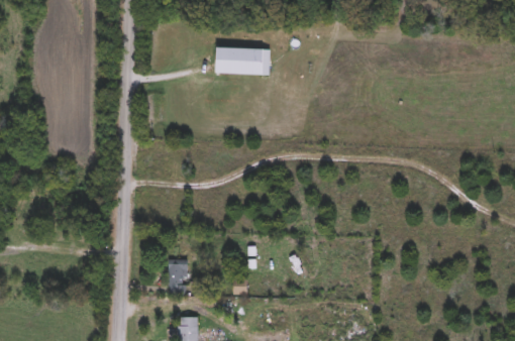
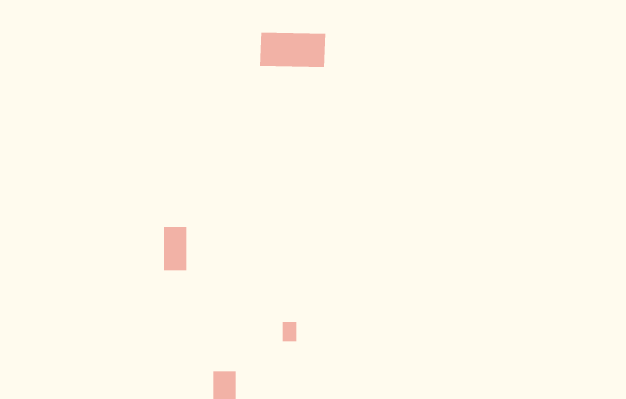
building: [169,260,188,296] -> [163,227,187,271]

